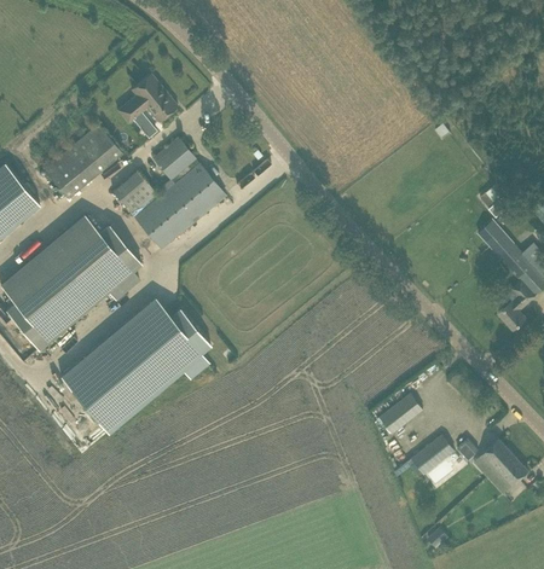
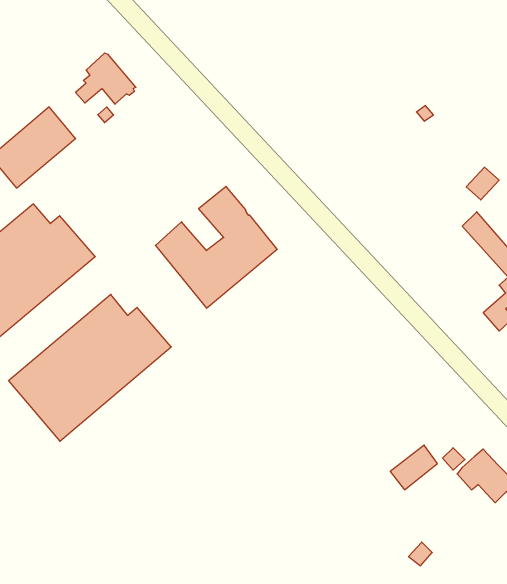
building: [112,138,225,250] -> [155,186,277,308]
building: [380,394,424,436] -> none

